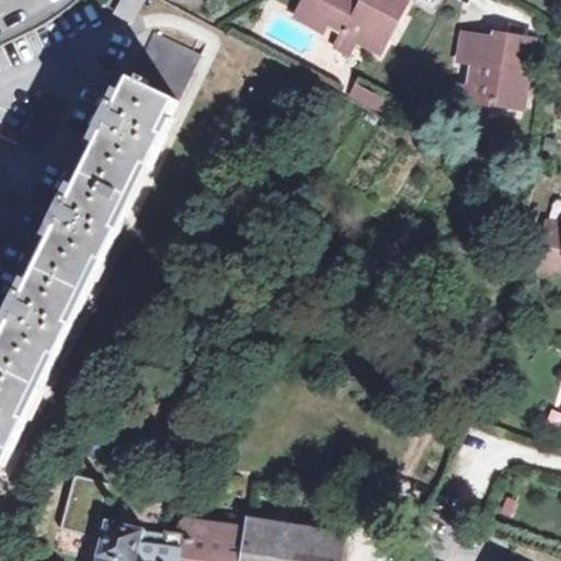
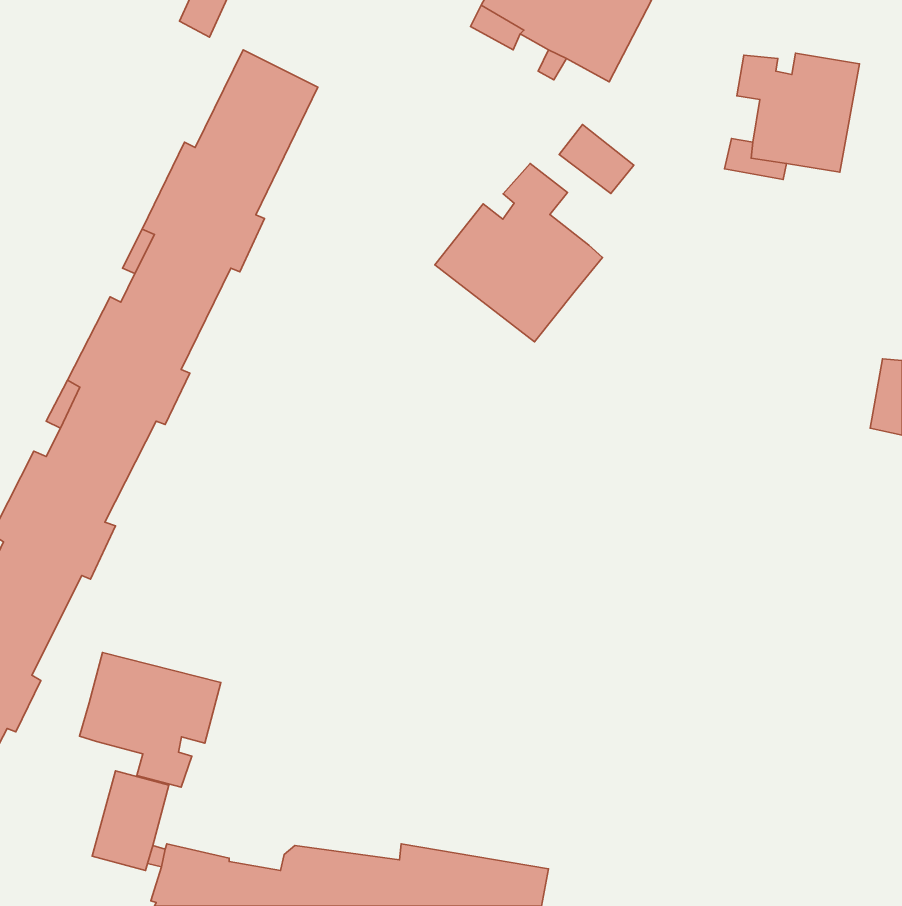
building: none -> [435,163,602,342]
building: none -> [80,653,221,787]

